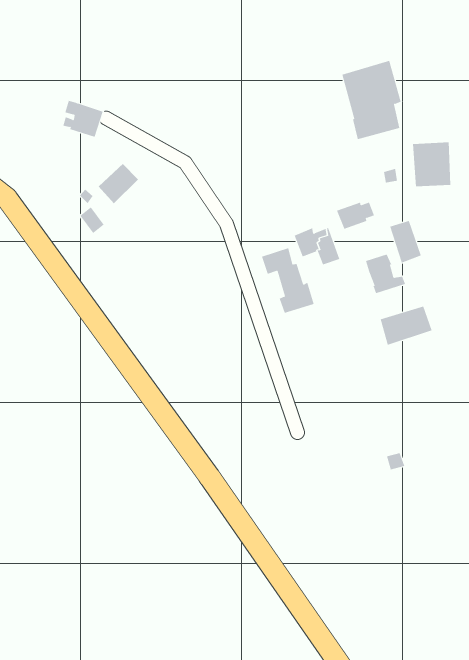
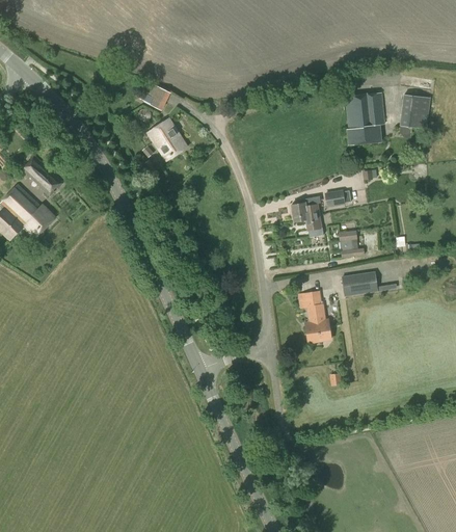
building: [412,142,451,187] -> [400,94,430,128]
building: none -> [147,118,178,145]
building: [390,220,422,263] -> none
building: [261,247,315,314] -> [298,291,330,338]

